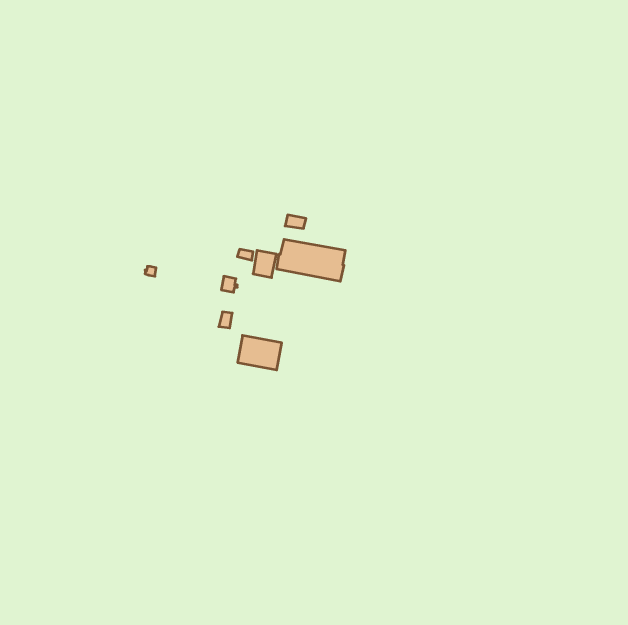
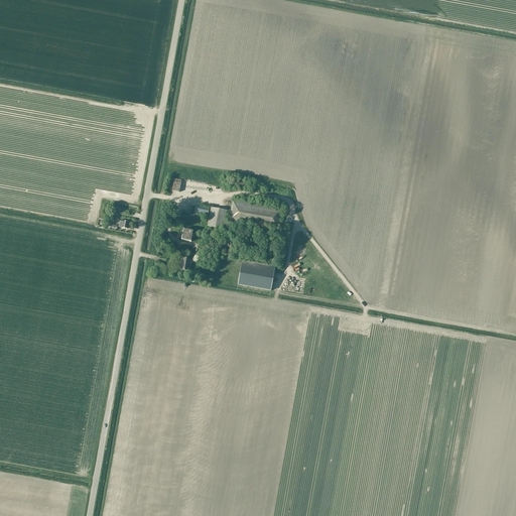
building: [238,335,282,370] -> [238,261,274,289]

